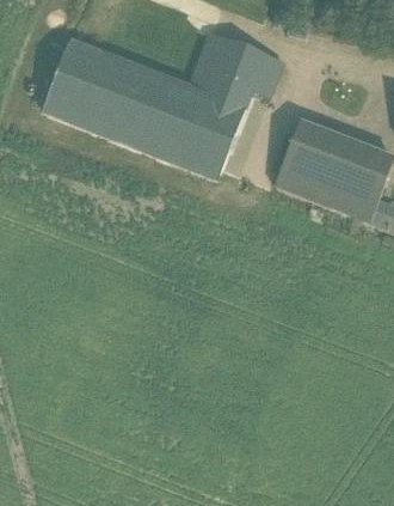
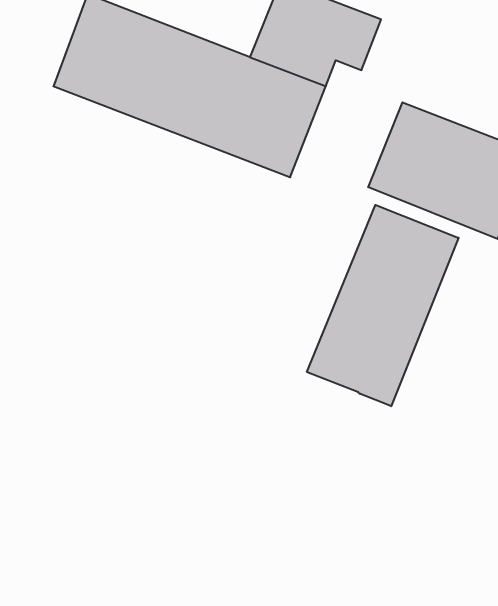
building: none -> [307,205,459,406]

